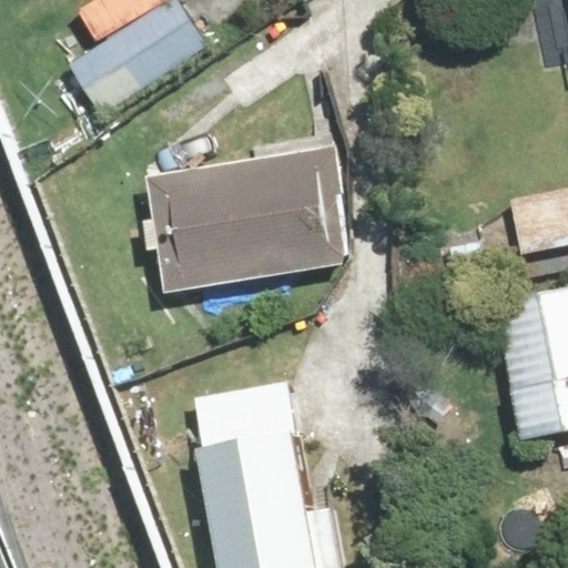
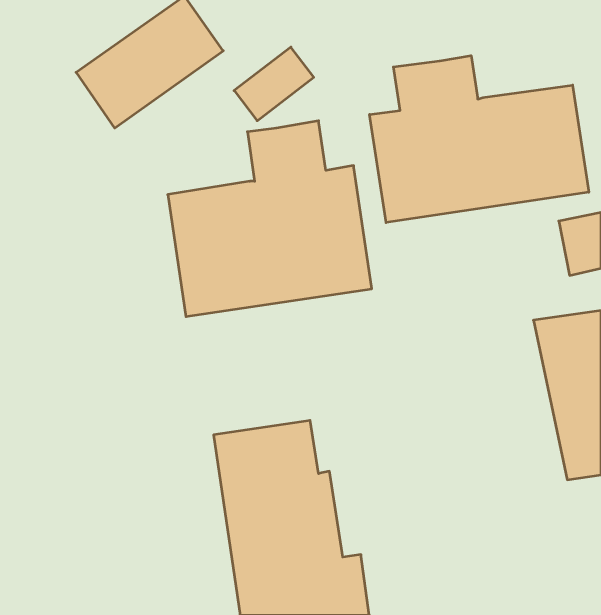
building: none -> [370,56,589,223]

